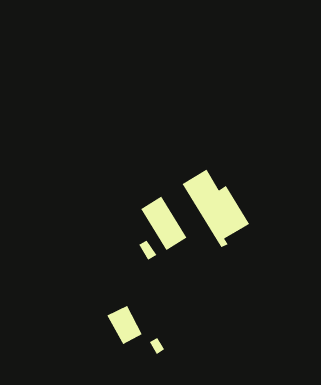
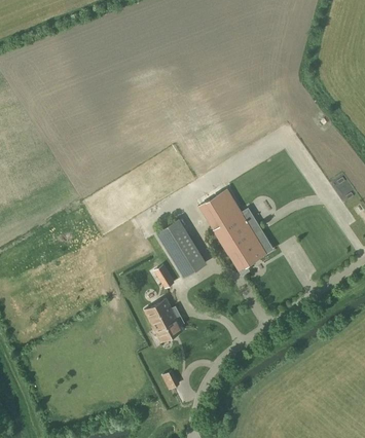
building: [106,305,143,345] -> [143,299,182,342]

